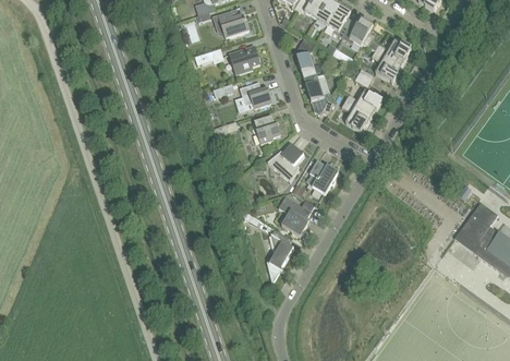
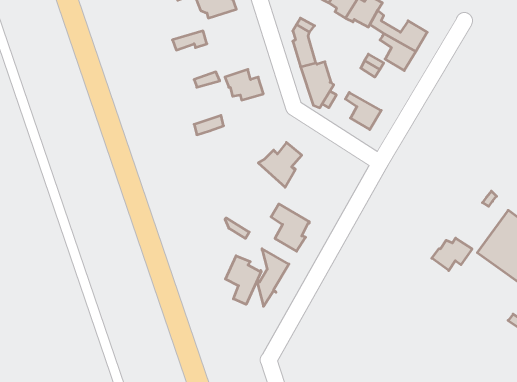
building: [229,45,259,73] -> none
building: [344,89,380,116] -> none
building: [254,116,280,143] -> none
building: [306,160,338,194] -> none
building: none -> [432,238,472,271]
building: none -> [225,256,261,304]

